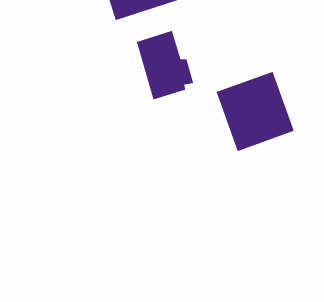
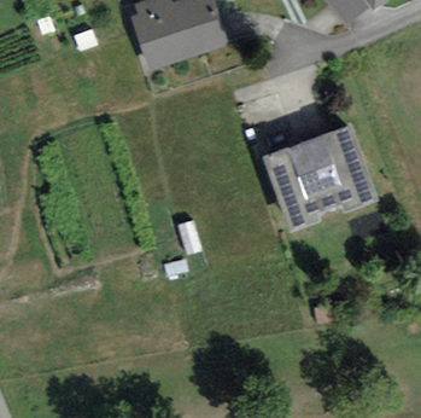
building: [136,30,194,100] -> none

